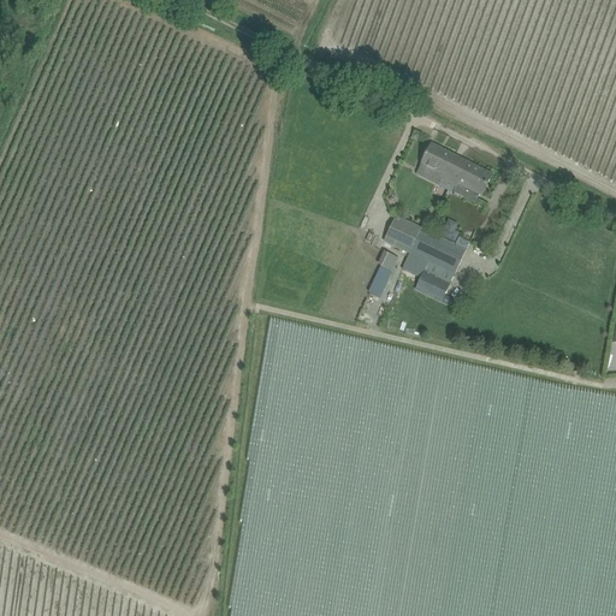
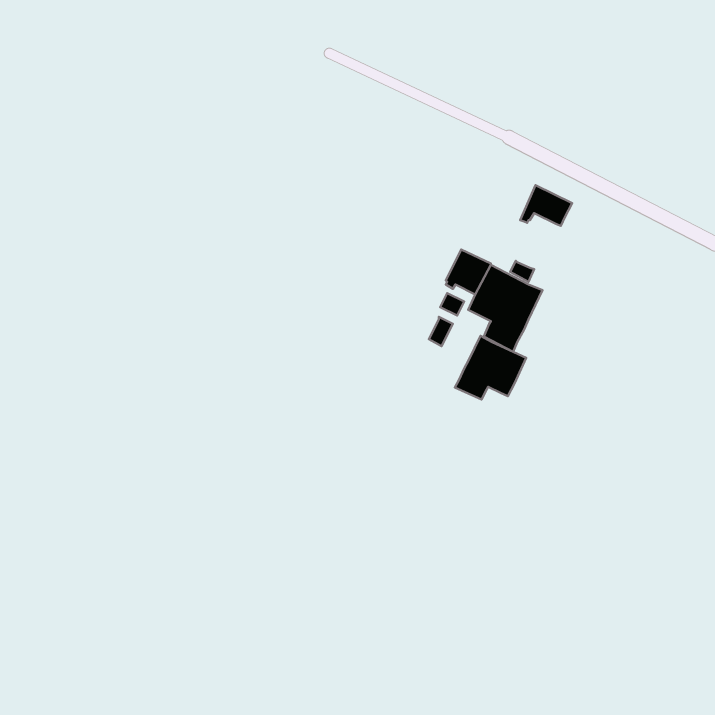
building: [421,144,460,189] -> none
building: none -> [455,336,526,400]

